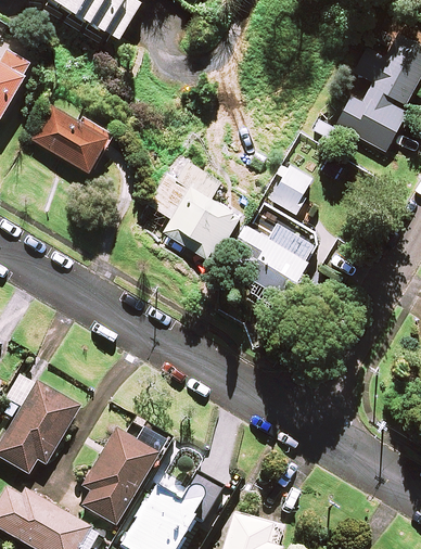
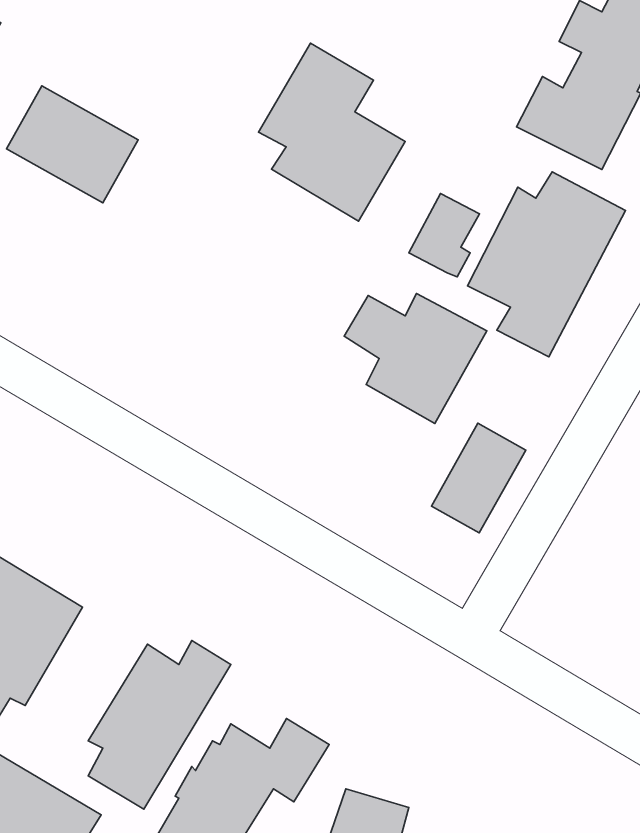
building: none -> [468,172,625,357]
building: [155,159,241,264] -> [258,43,405,221]
building: none -> [431,423,526,533]

